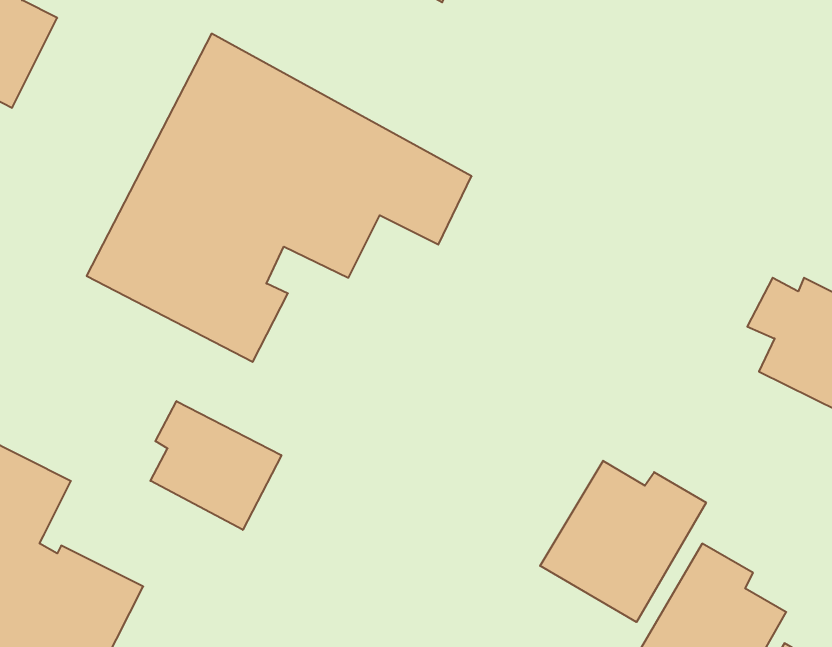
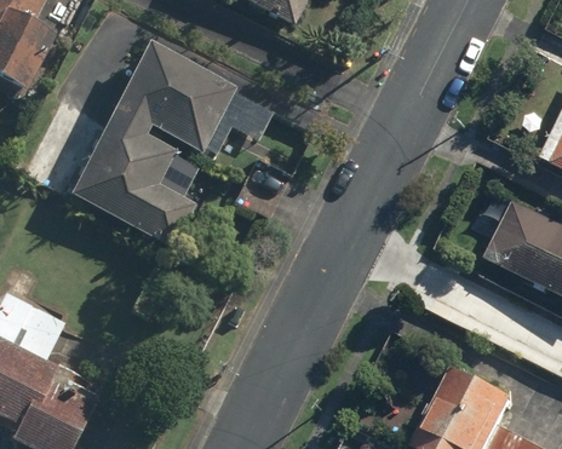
building: [150,401,281,530] -> none
building: [540,461,706,622] -> none

